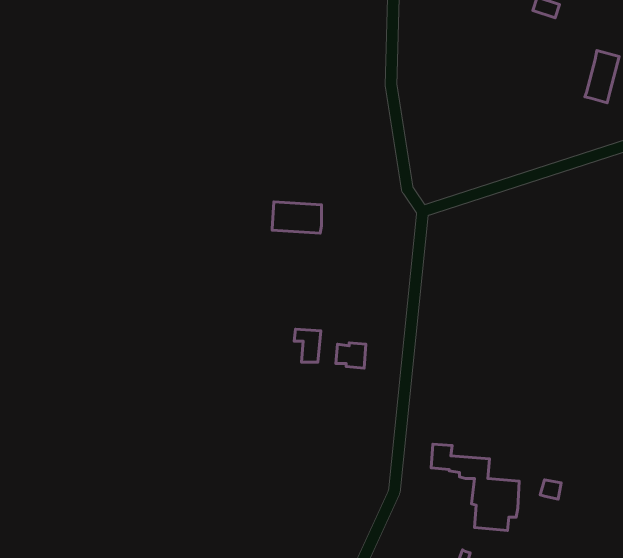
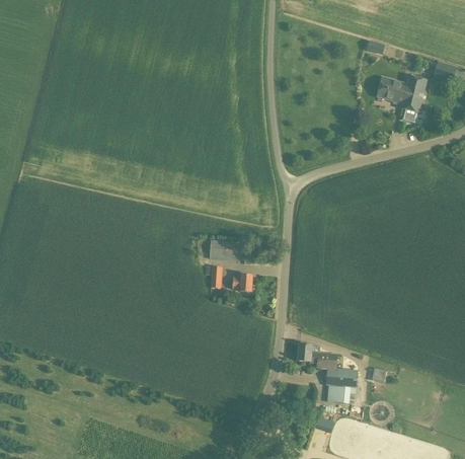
building: none -> [376,76,408,105]
building: [272,202,322,233] -> [209,240,242,261]

